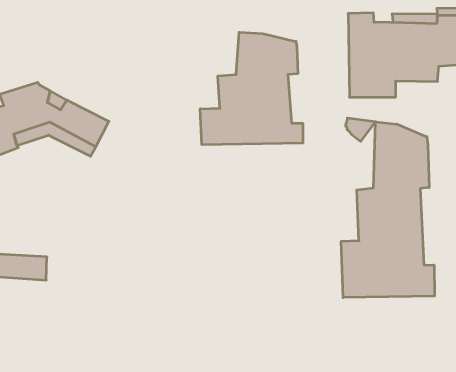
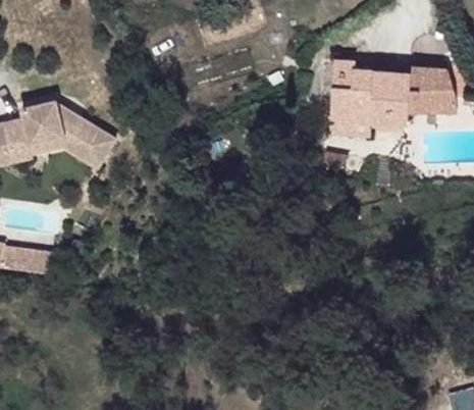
building: [200,32,303,145] -> none
building: [341,122,434,298] -> none

